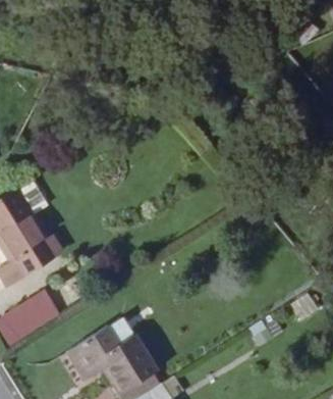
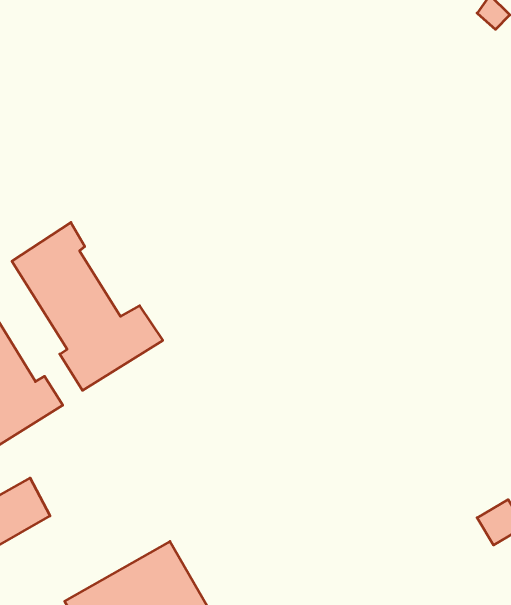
building: none -> [12,222,163,390]

